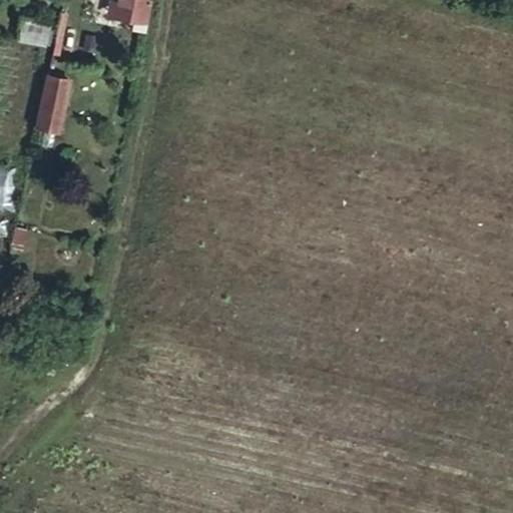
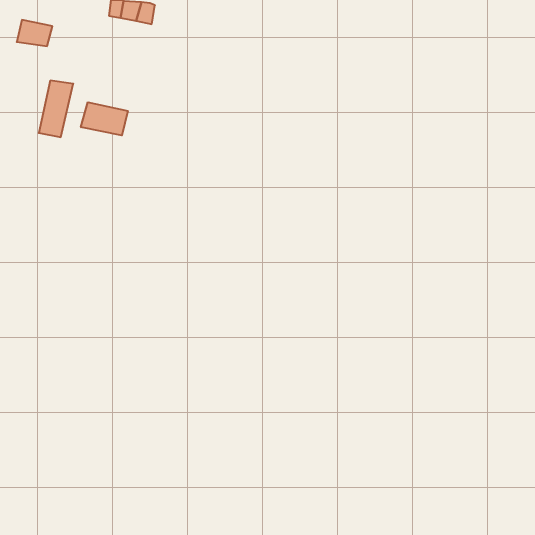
building: none -> [81,102,128,135]

